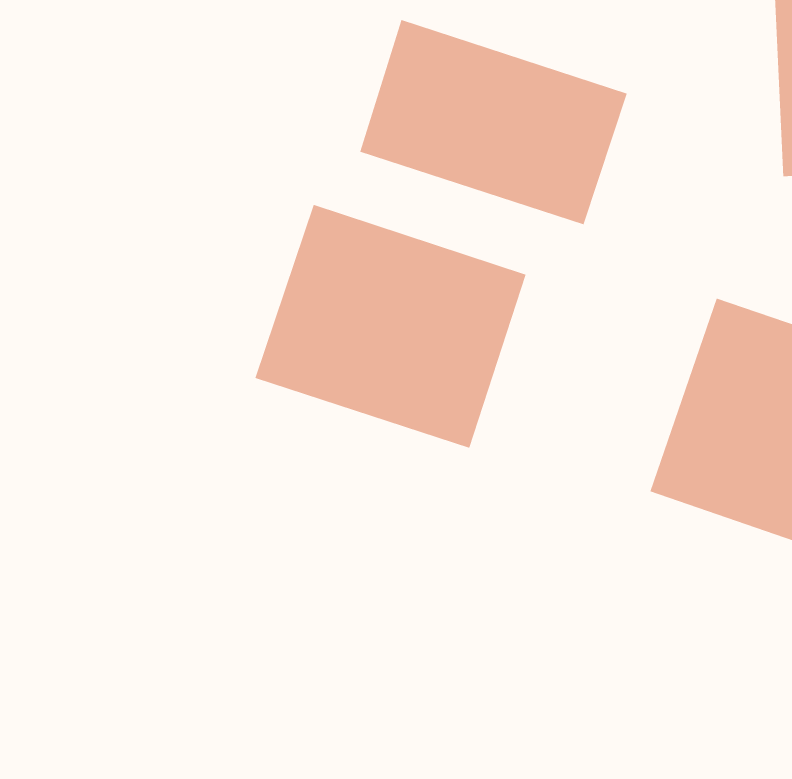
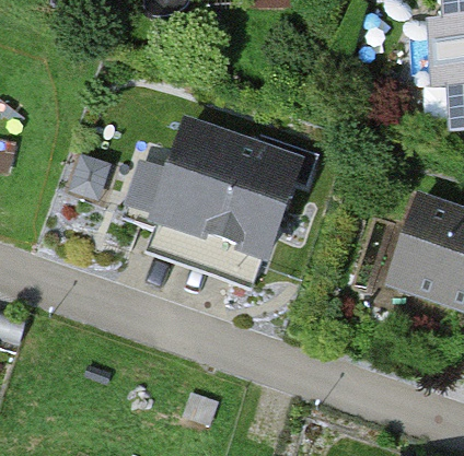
building: [359,19,627,225] -> none

